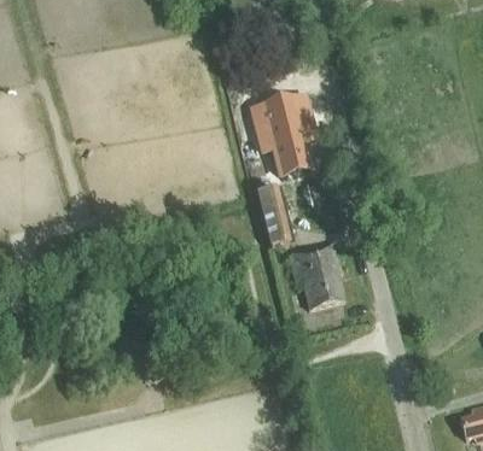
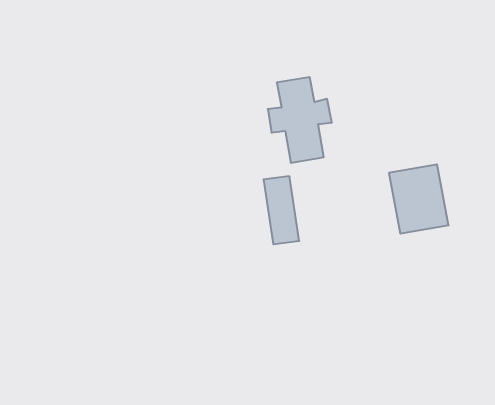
building: [293,244,350,308] -> [389,164,449,234]

